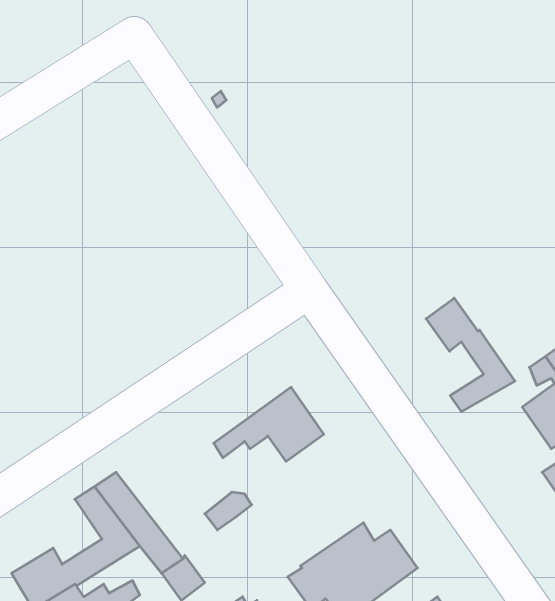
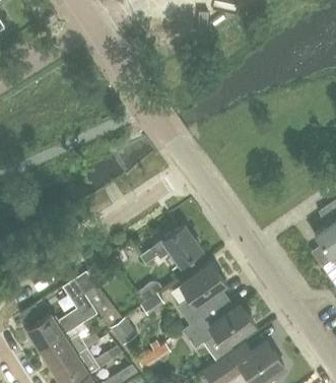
building: [426,298,515,412] -> none
building: none -> [177,262,226,324]

